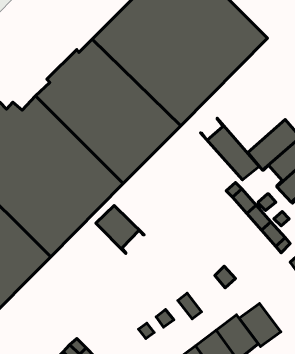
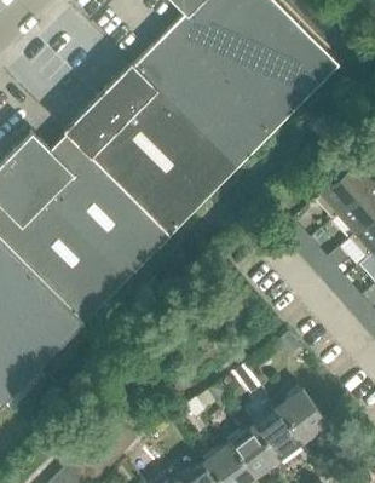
building: [201,118,259,180] -> none
building: [96,205,144,253] -> none
building: [239,304,281,347] -> none

